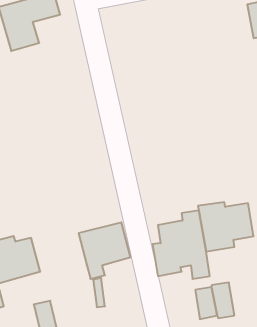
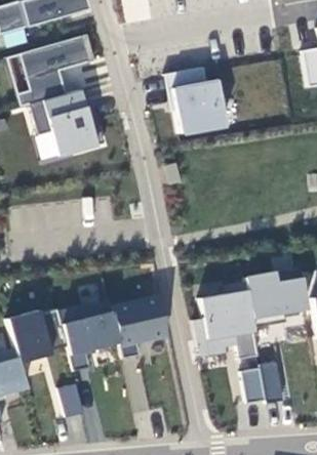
building: none -> [161,67,226,135]
building: none -> [30,87,105,155]
building: none -> [56,297,119,370]

